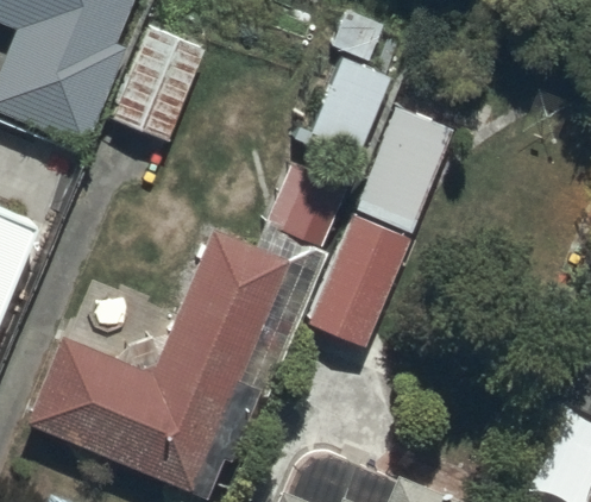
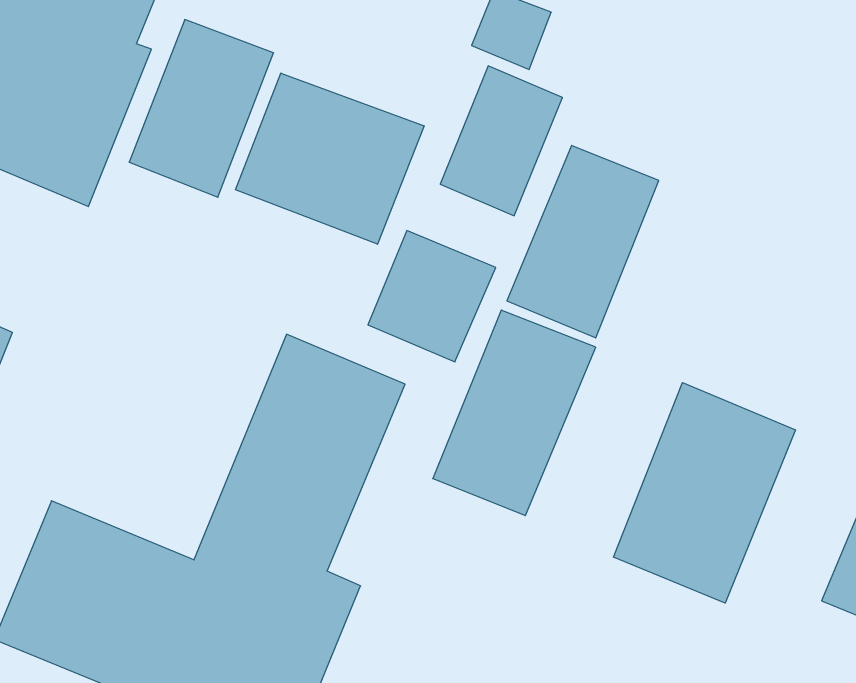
building: none -> [236,73,424,244]
building: none -> [614,383,796,603]

